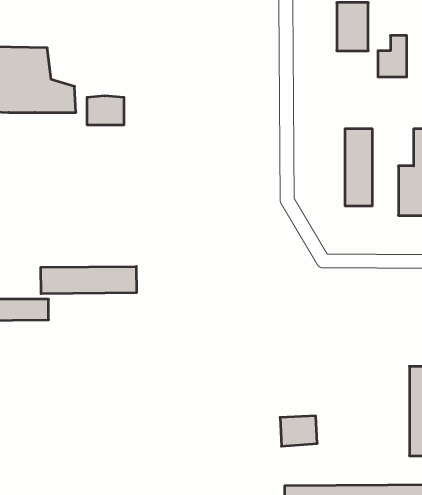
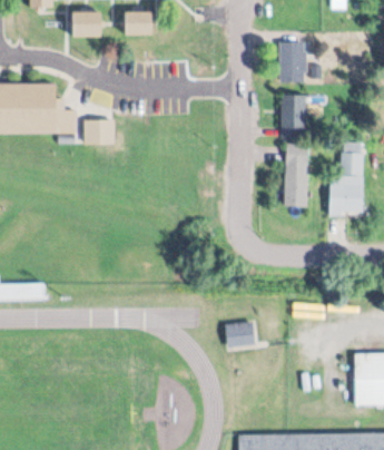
building: [378,36,407,77] -> [285,97,308,130]
building: [41,266,136,294] -> none
building: [280,416,317,446] -> [227,323,257,348]

